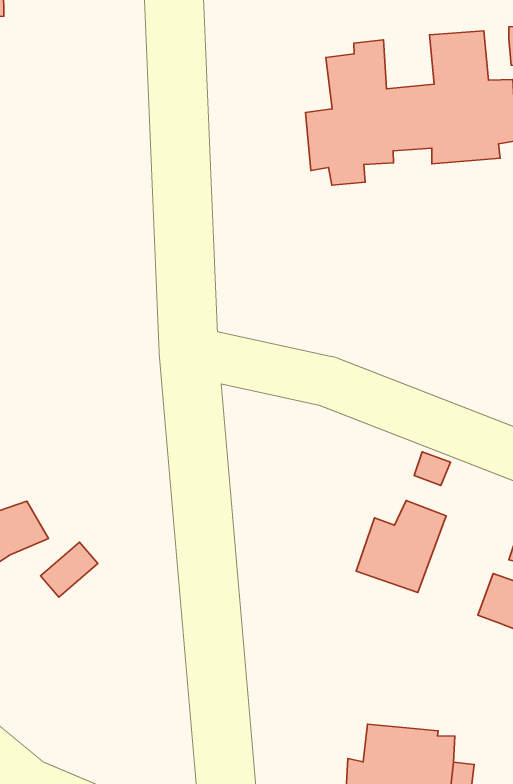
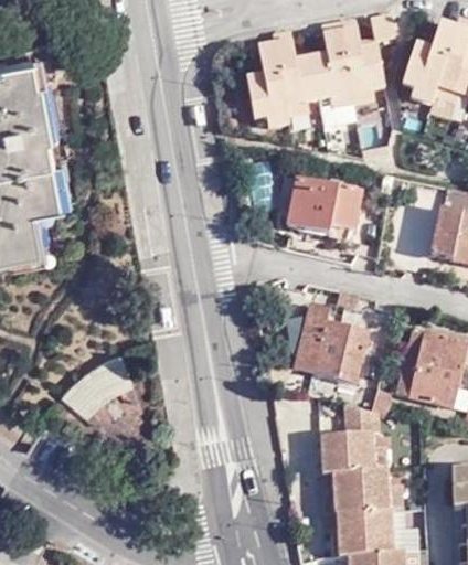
building: none -> [287,179,360,234]
building: none -> [296,303,341,374]
building: none -> [321,404,382,471]

